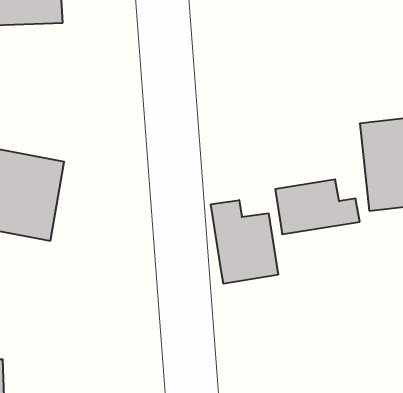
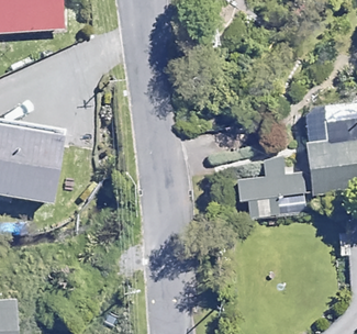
building: [211,200,278,284] -> none

